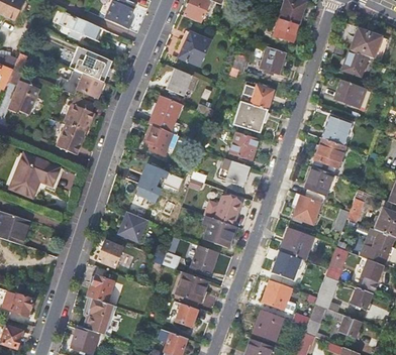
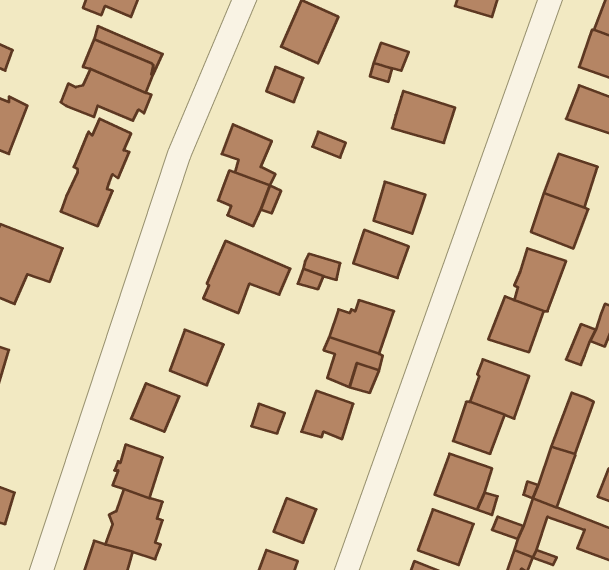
building: [258,46,284,74] -> none
building: [231,102,267,133] -> none
building: [174,271,208,303] -> none

